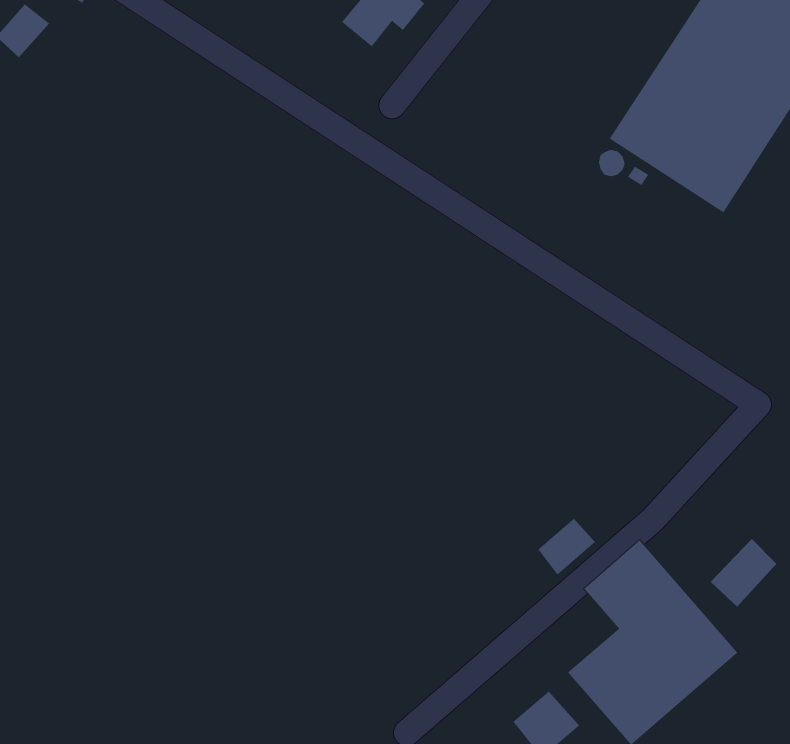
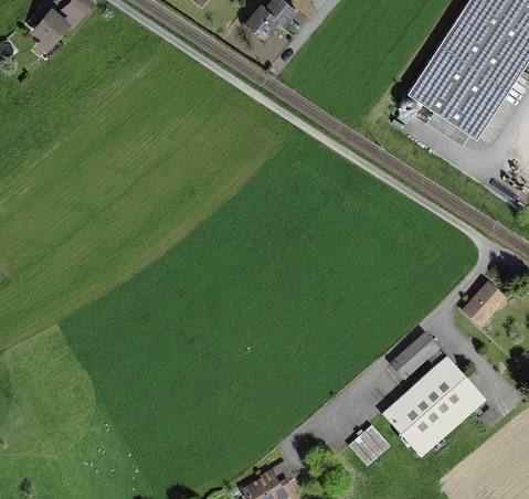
building: [538,518,596,576] -> none
building: [710,538,777,607] -> [464,283,505,325]

